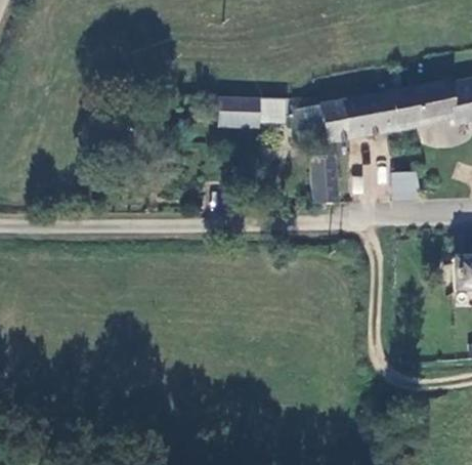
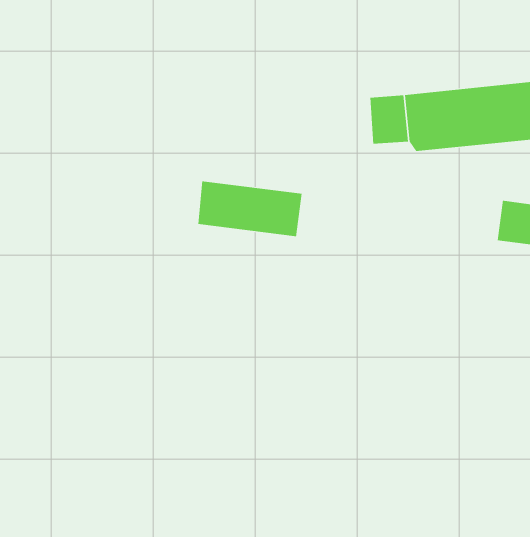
building: [219,96,289,128] -> [197,181,302,237]
building: [311,160,334,202] -> none

